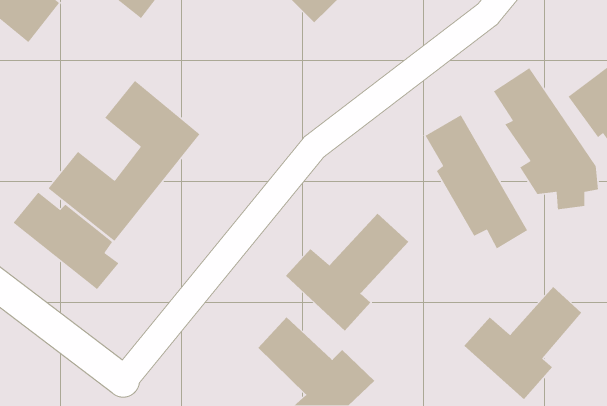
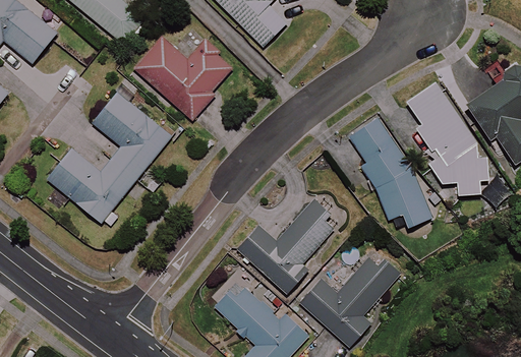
building: none -> [135,38,237,119]
building: [13,191,119,290] -> none
building: [463,286,582,400] -> [300,255,396,347]

